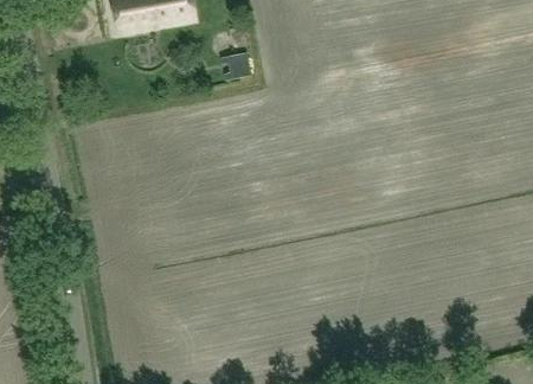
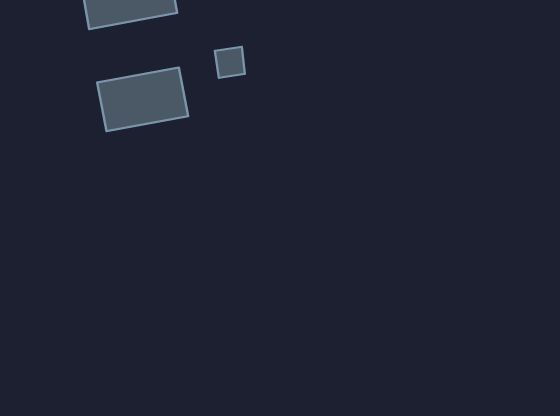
building: none -> [97,68,188,131]

